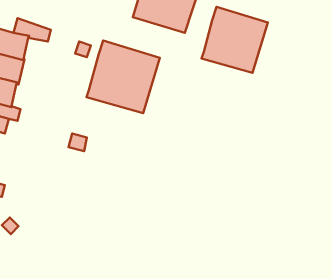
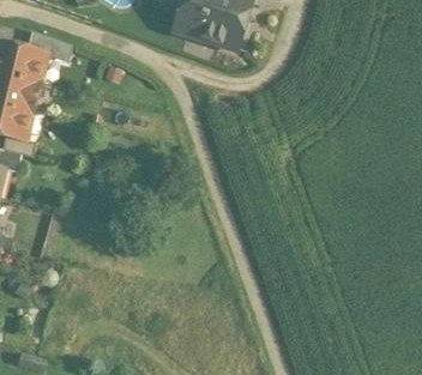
building: [202,7,268,73] -> none
building: [87,40,160,113] -> none

